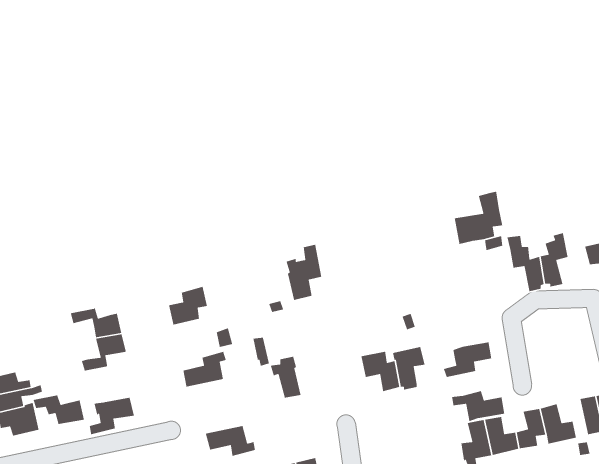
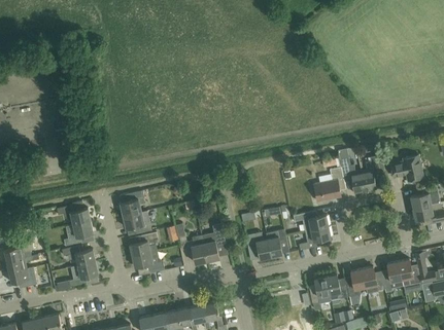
building: [454,191,503,245] -> [313,167,345,201]
building: [286,244,322,301] -> [201,224,225,261]
building: none -> [123,212,150,234]
building: [451,390,505,422] -> [293,211,328,231]
building: [32,395,85,425] -> [61,246,95,265]
building: [205,425,256,457] -> [131,251,164,271]

